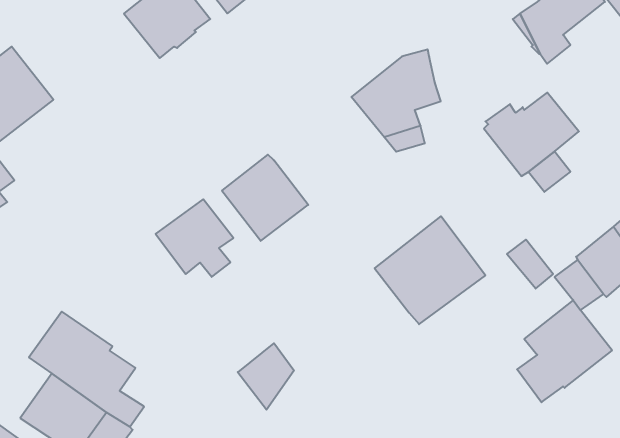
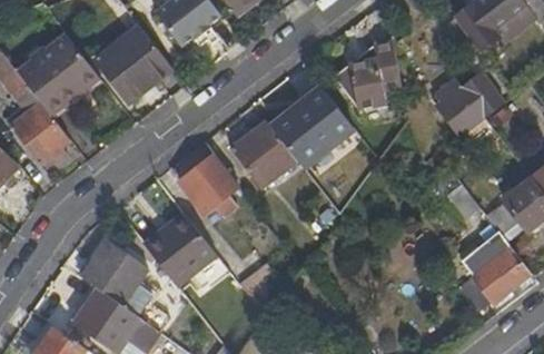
building: none -> [92,22,171,101]
building: [375,216,485,324] -> [269,85,355,168]
building: none -> [144,213,227,285]

